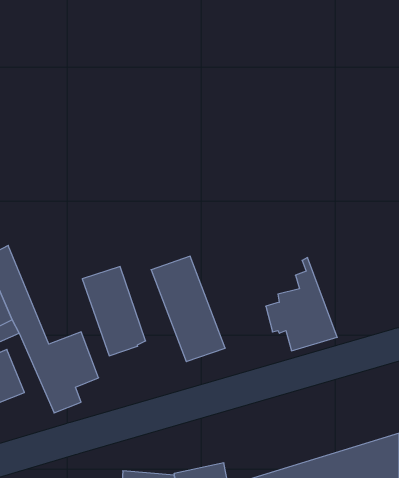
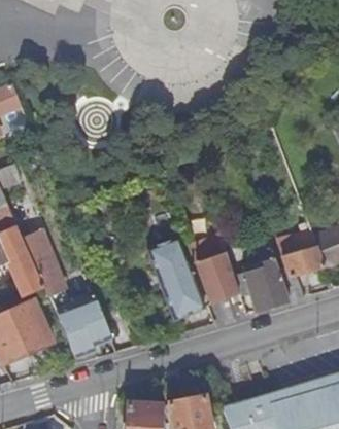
building: none -> [276,229,326,276]
building: [82,267,146,356] -> [191,235,239,302]

